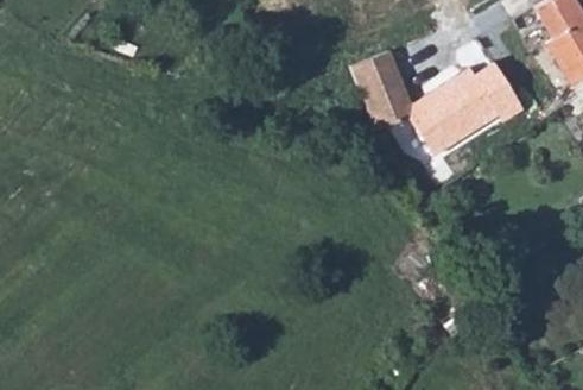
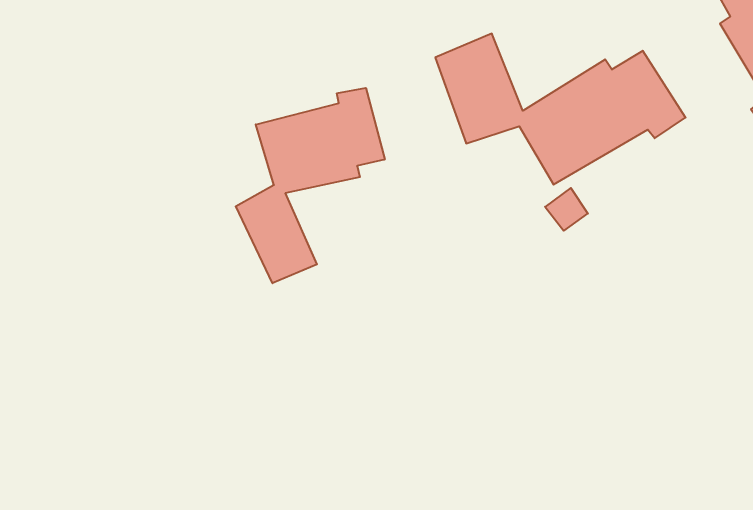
building: none -> [236,88,385,283]

